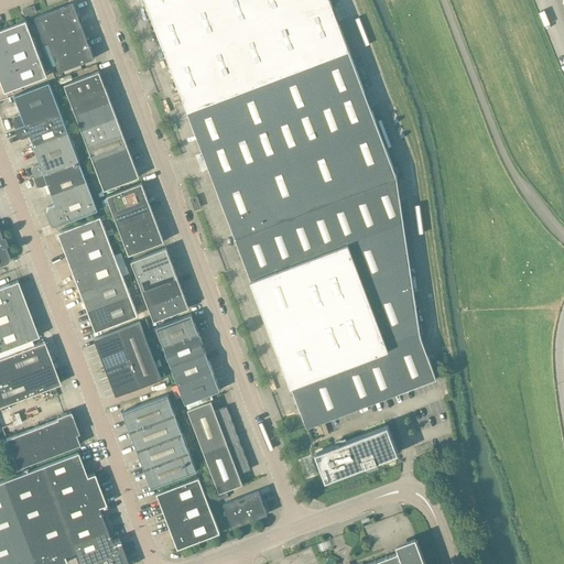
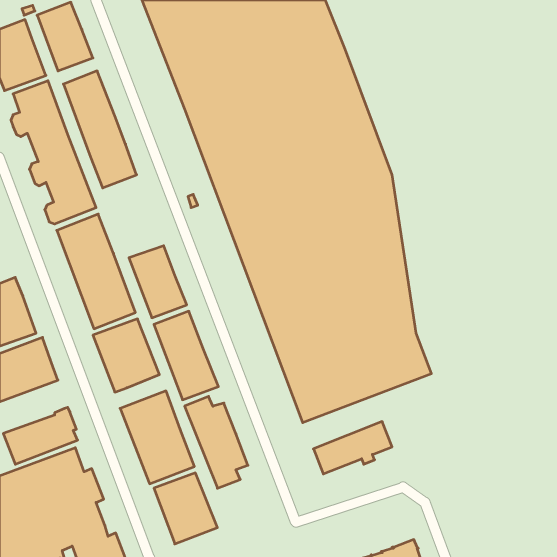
building: [106,184,163,256] -> none
building: [223,492,267,528] -> none

